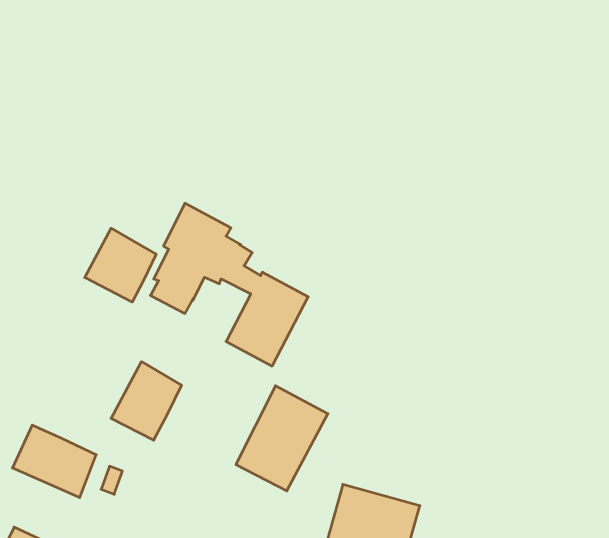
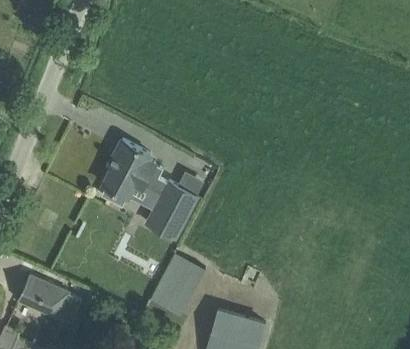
building: [85,228,156,302] -> none
building: [111,362,181,440] -> none

